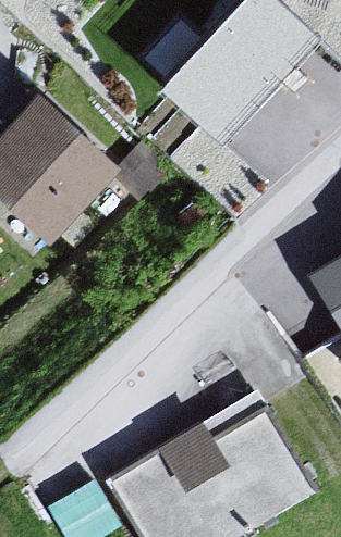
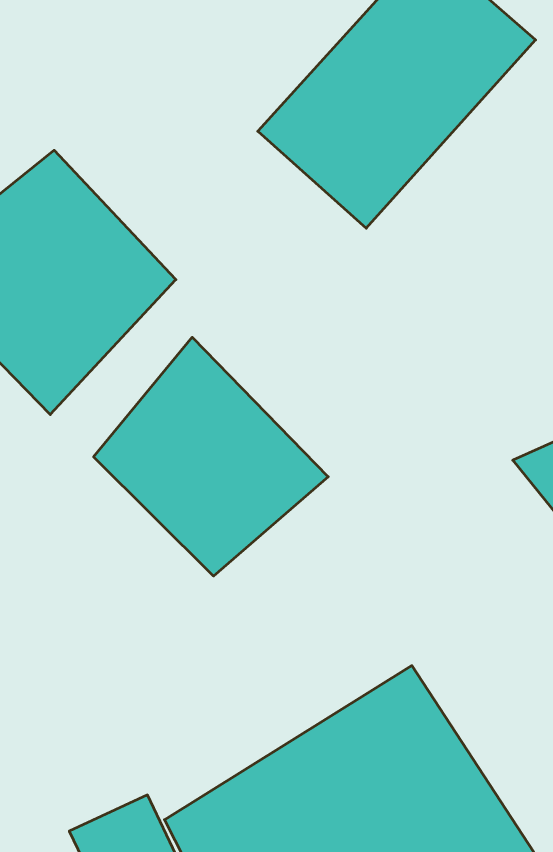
building: none -> [94,337,328,576]

